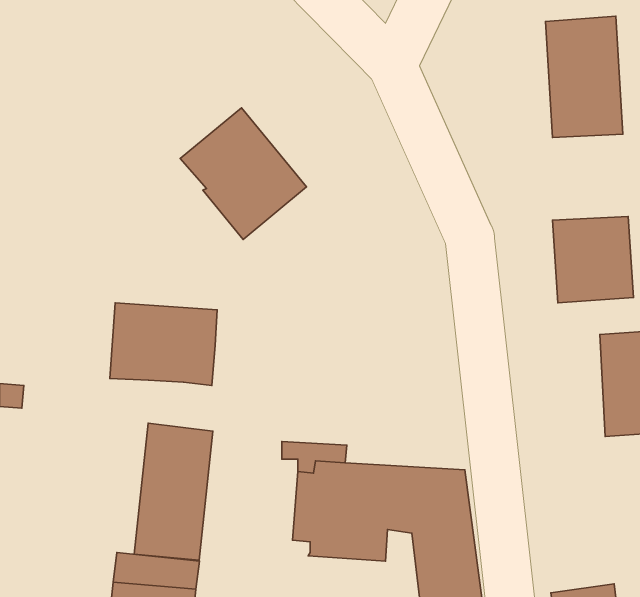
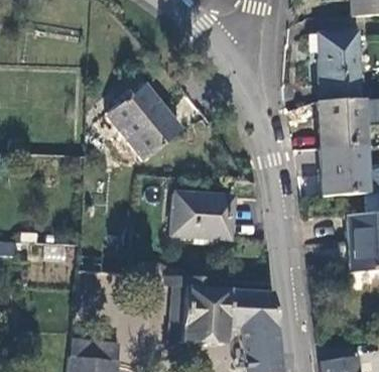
building: none -> [319,99,365,148]
building: [110,303,217,386] -> [171,192,233,239]
building: [134,423,213,560] -> none

